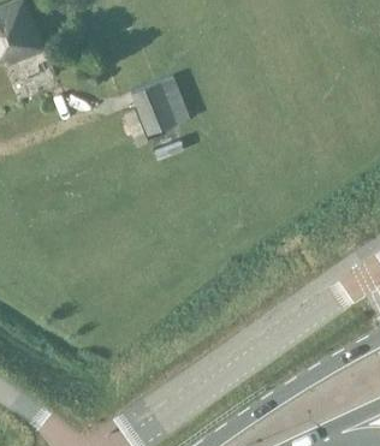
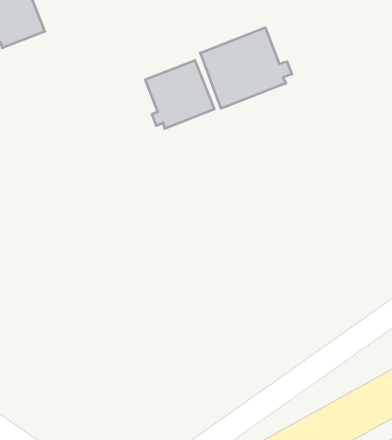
building: none -> [200,28,292,108]

